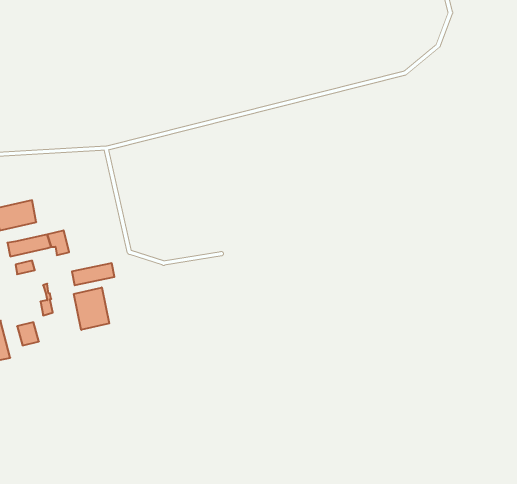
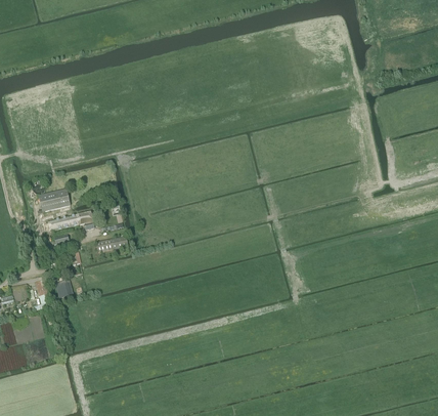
building: [74,287,109,330] -> none

